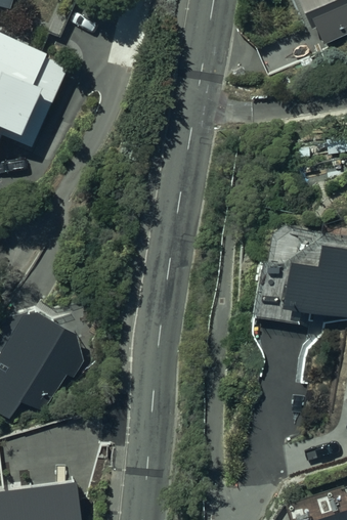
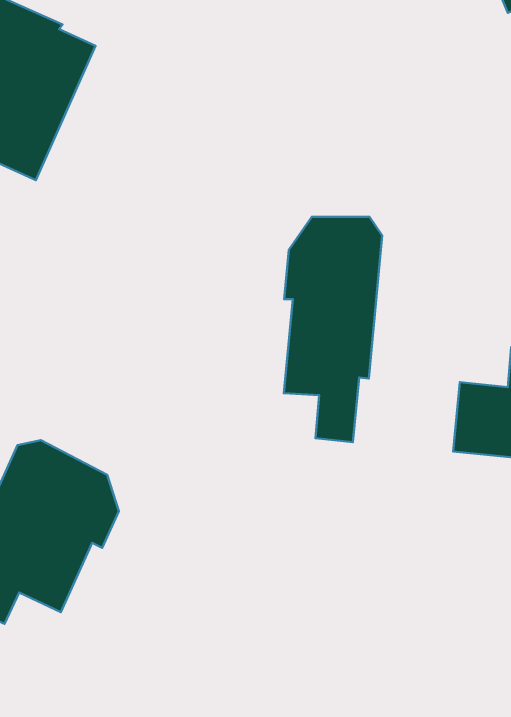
building: none -> [284,217,382,442]

